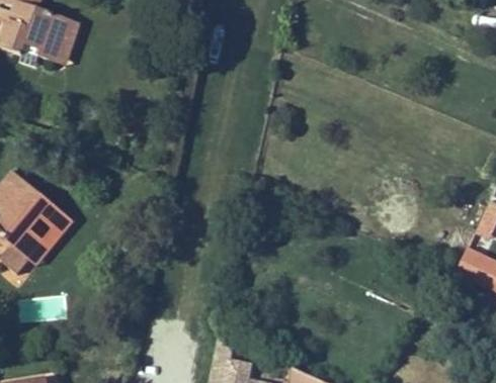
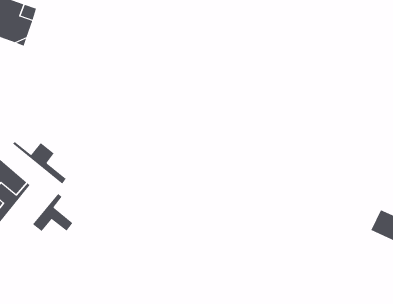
building: none -> [12,141,67,185]
building: none -> [32,193,73,232]

